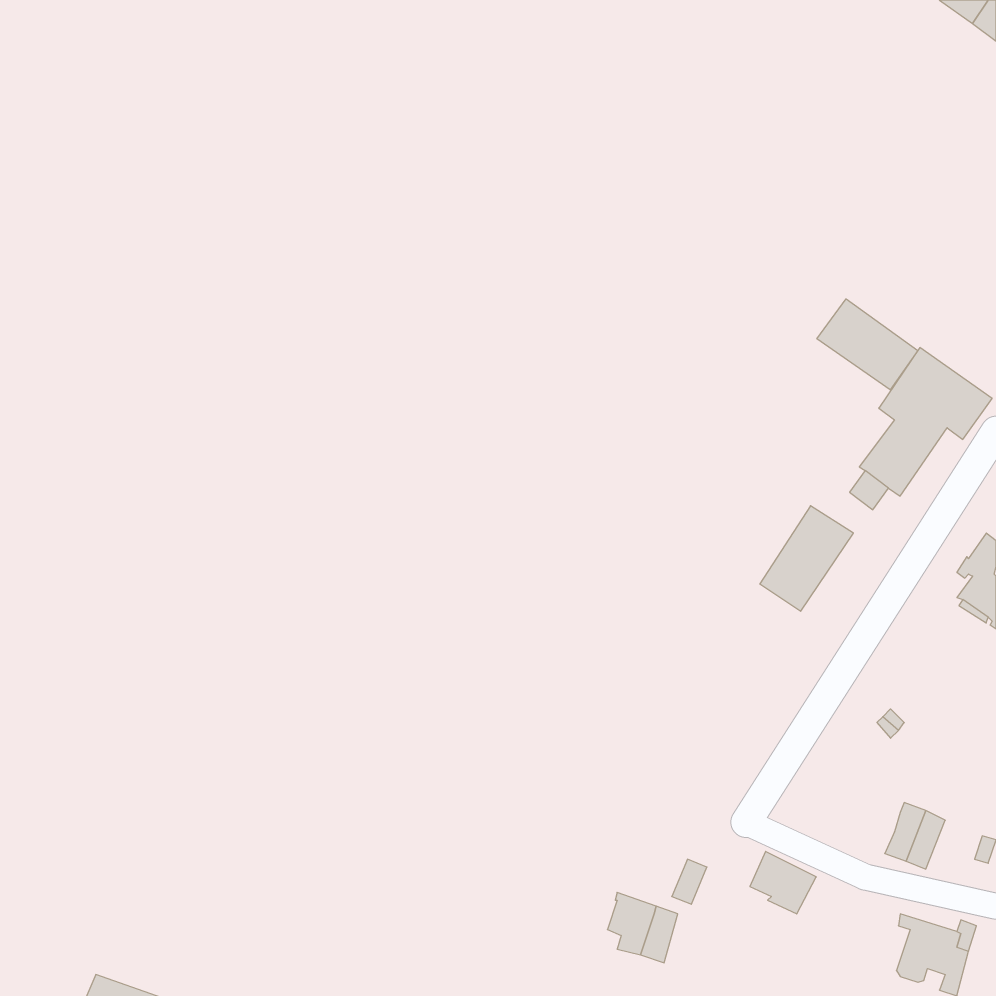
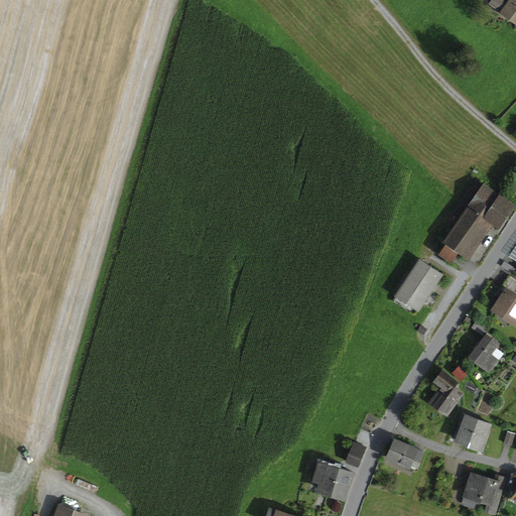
building: [817,299,918,390] -> none
building: none -> [469,335,497,372]
building: none -> [429,373,462,415]

